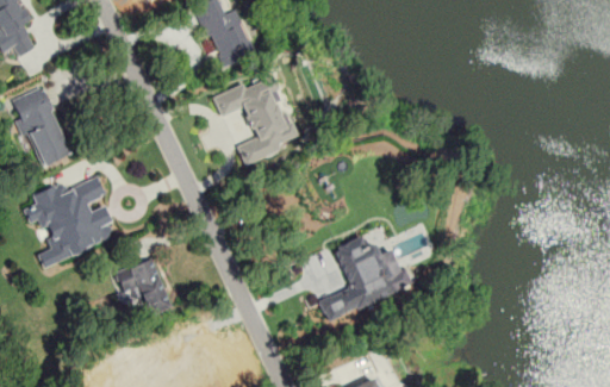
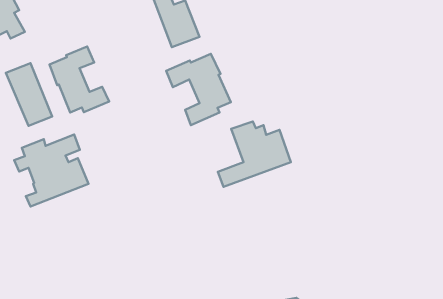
building: none -> [49,47,109,112]
building: [318,237,410,319] -> [218,121,291,187]
building: [113,258,172,317] -> none

